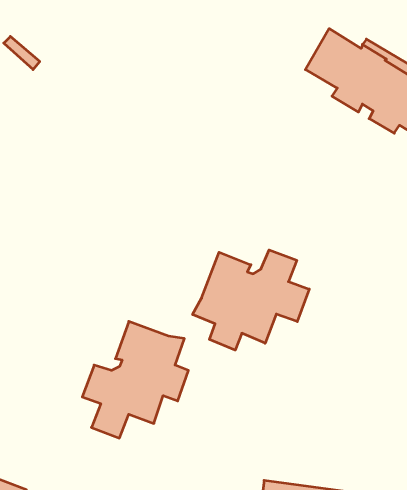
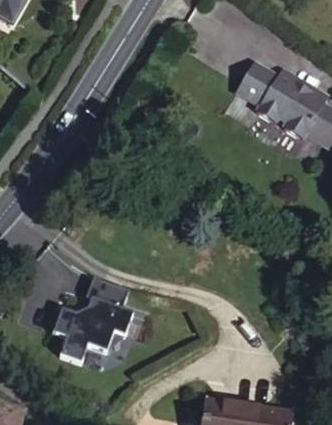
building: [193,250,309,350] -> none

